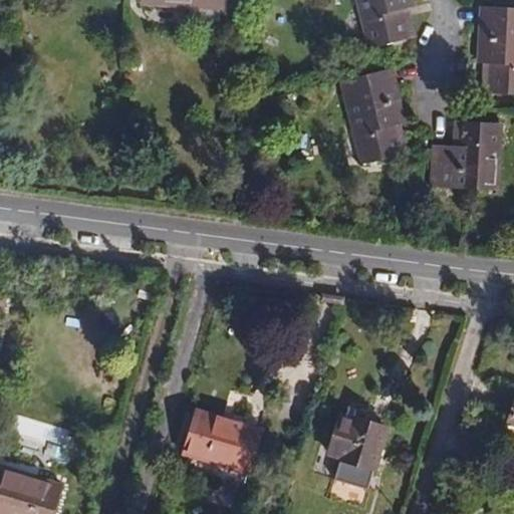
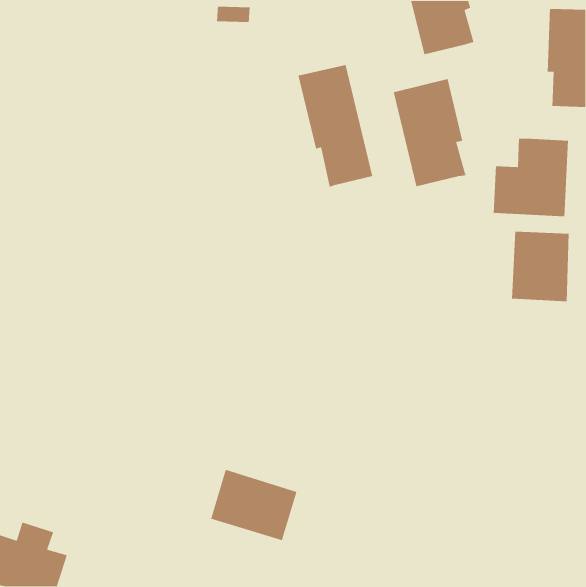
building: none -> [297,64,373,188]
building: none -> [511,231,569,302]
building: [327,415,388,491] -> none

